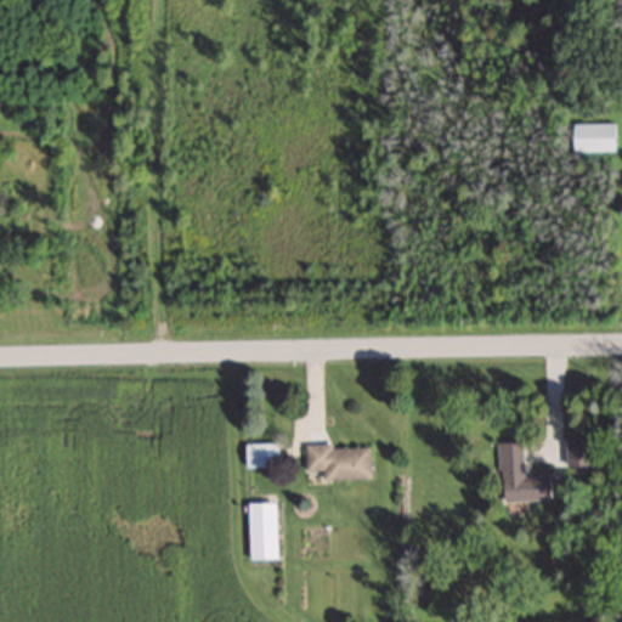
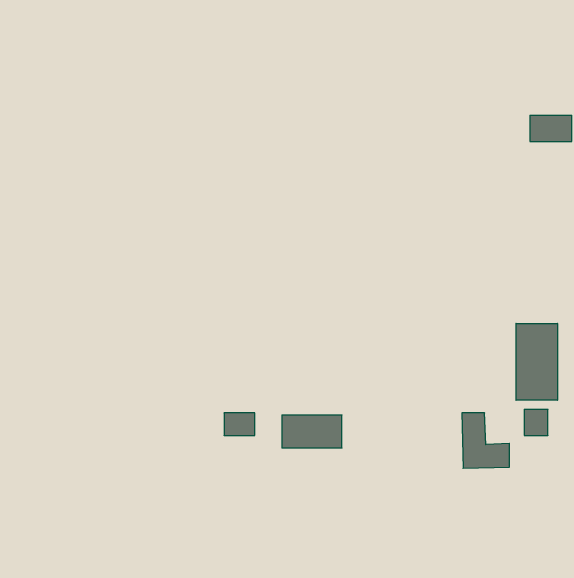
building: none -> [516,323,557,400]
building: [250,503,277,560] -> none

